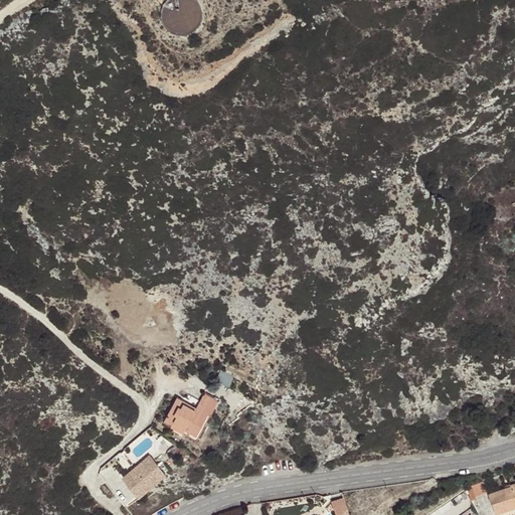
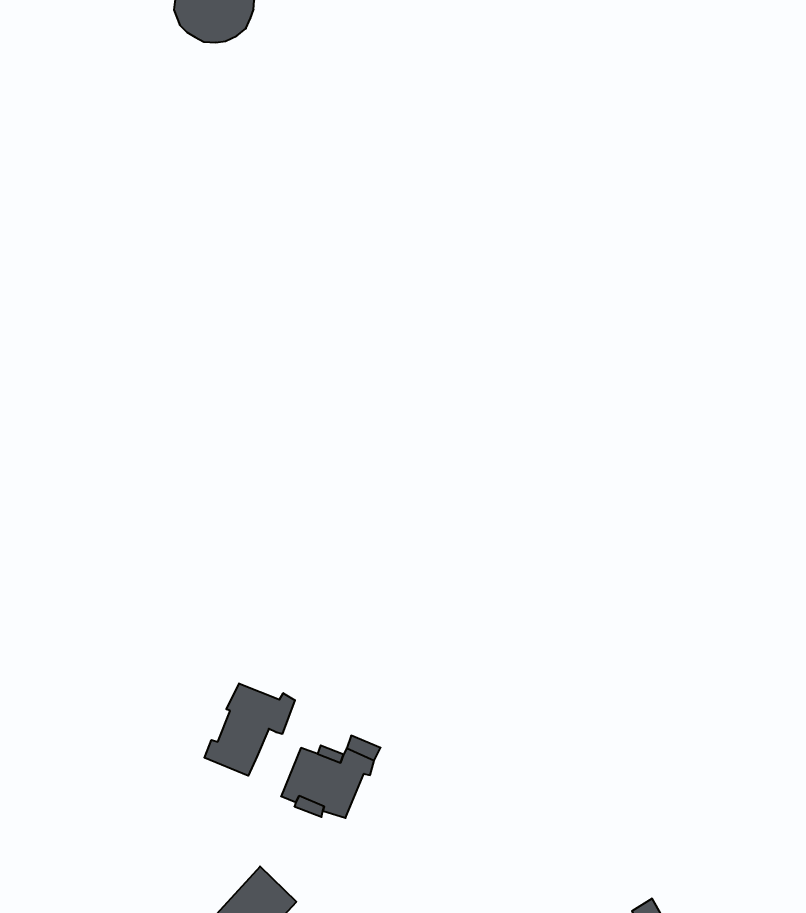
building: none -> [204,683,295,776]

